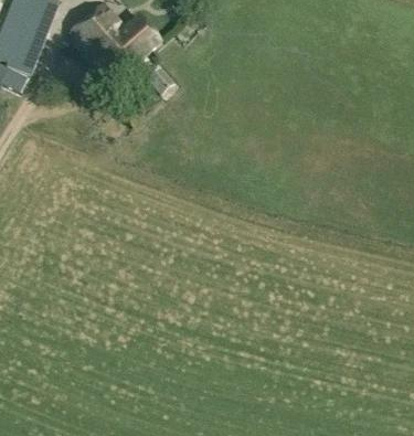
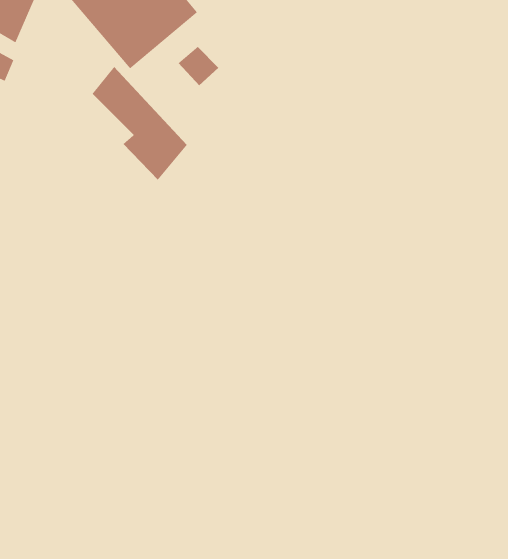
building: none -> [92,66,188,180]

